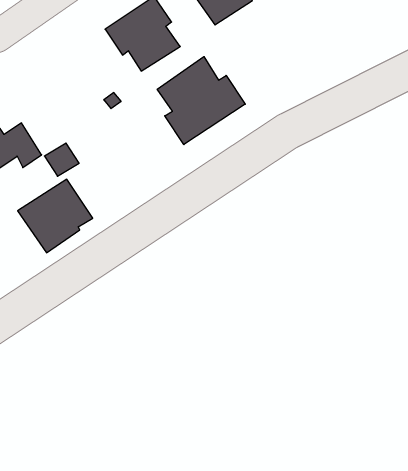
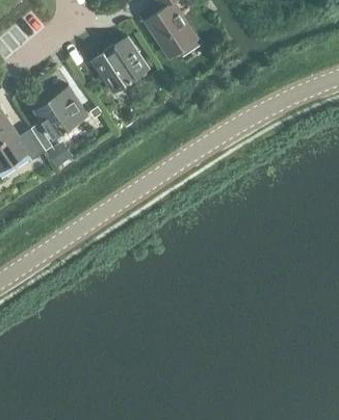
building: [157,57,245,145] -> none
building: [18,179,93,253] -> [32,87,86,140]

